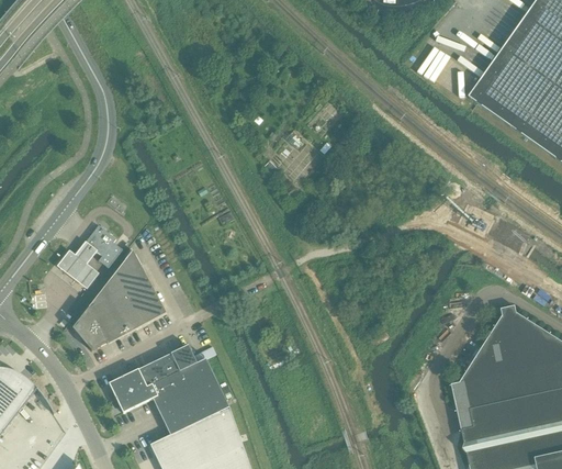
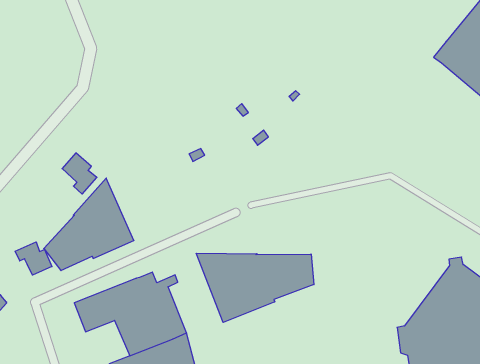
building: [57,243,99,289] -> none
building: none -> [196,253,314,322]
building: none -> [15,242,52,275]

